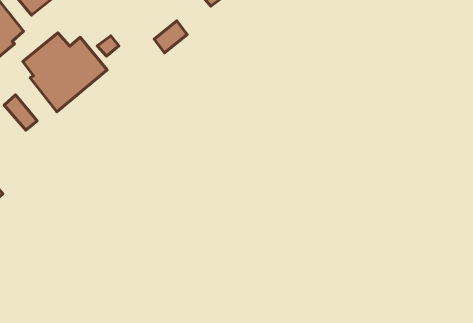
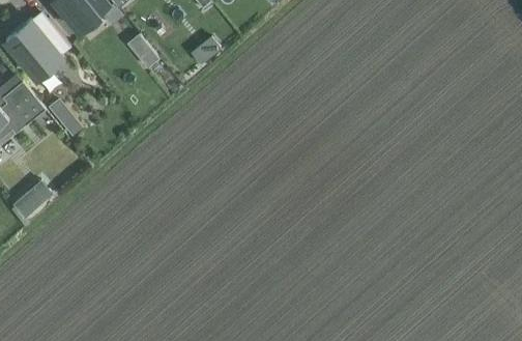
building: [23,33,107,112] -> none

